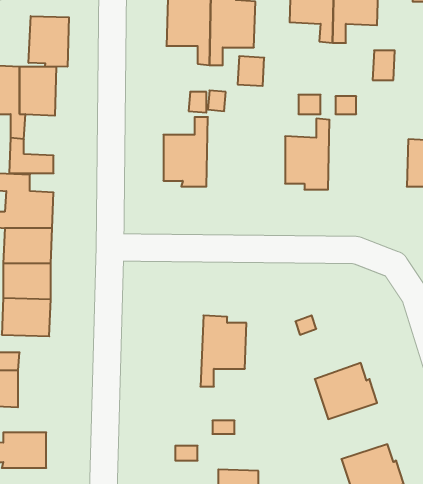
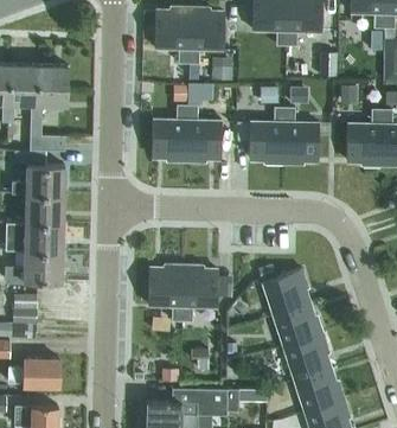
building: [29,16,69,67] -> none
building: none -> [187,106,223,162]
building: none -> [284,108,320,165]
building: none -> [149,264,185,321]
building: none -> [263,269,310,315]
building: none -> [284,334,332,379]

